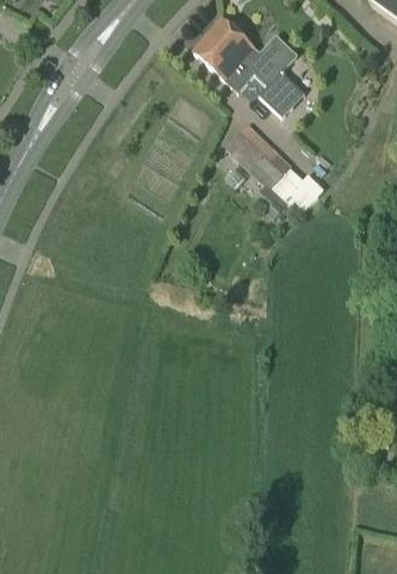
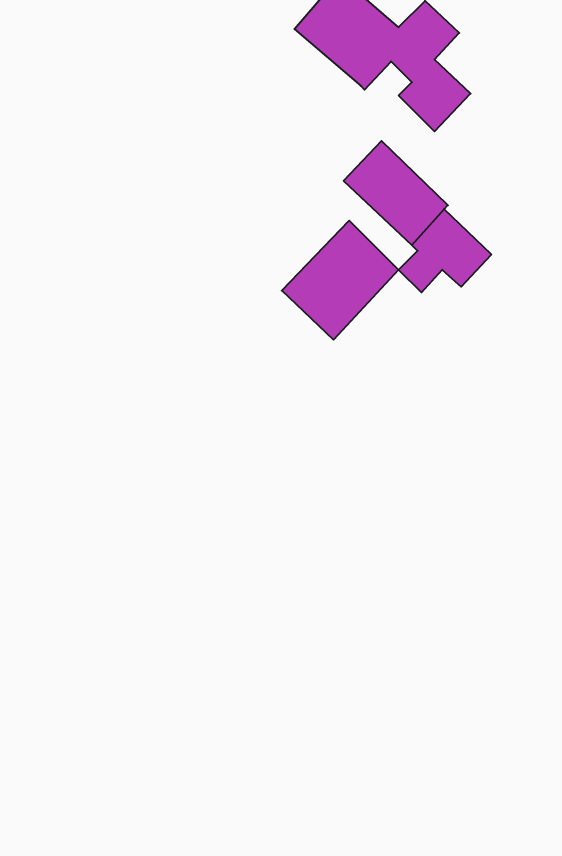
building: none -> [282,221,399,340]

